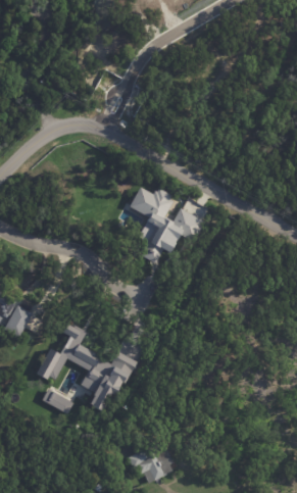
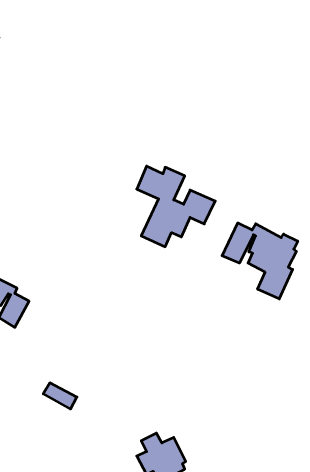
building: none -> [222,223,298,299]
building: [37,324,134,413] -> none

